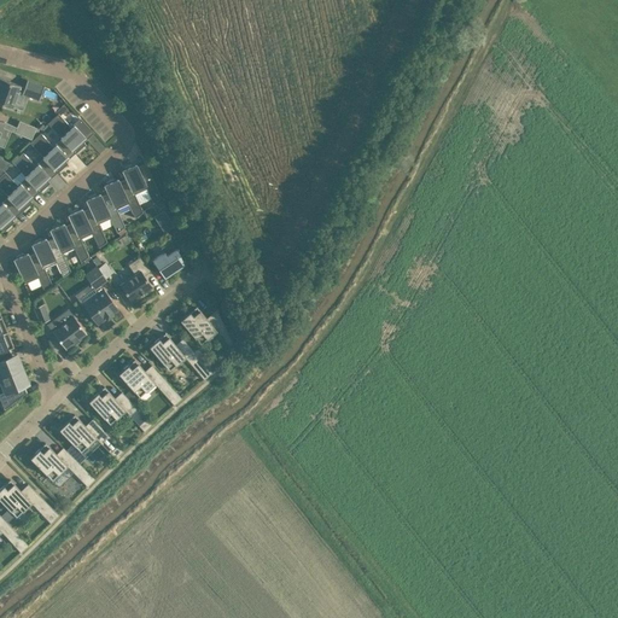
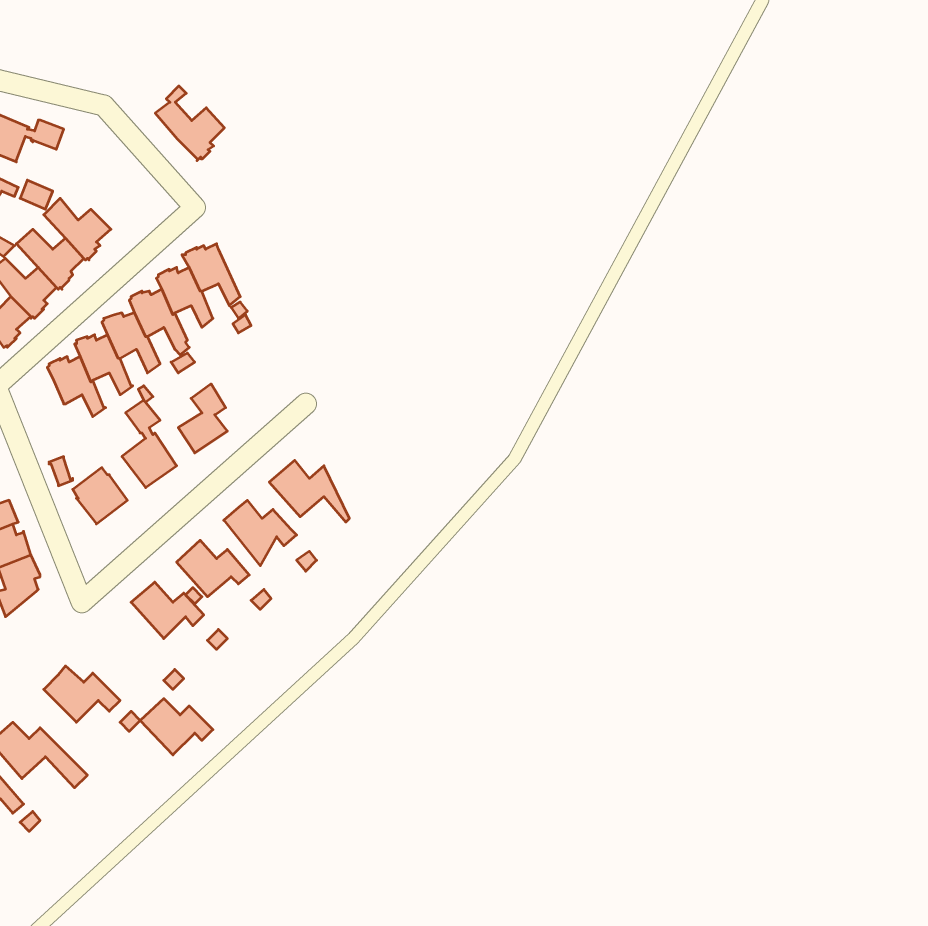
building: [46,106,92,156] -> [155,86,224,161]
building: [151,243,183,280] -> none
building: [13,253,51,292] -> none
building: [58,416,106,454] -> [140,699,213,755]

